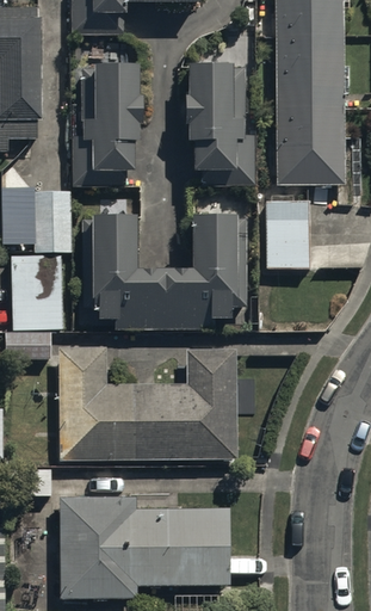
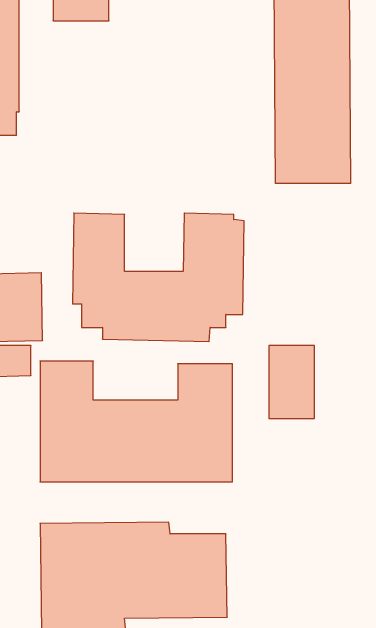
building: [185,62,256,189] -> none
building: [73,63,142,186] -> none
building: [32,192,70,252] -> none
building: [266,202,308,269] -> [269,346,314,418]

